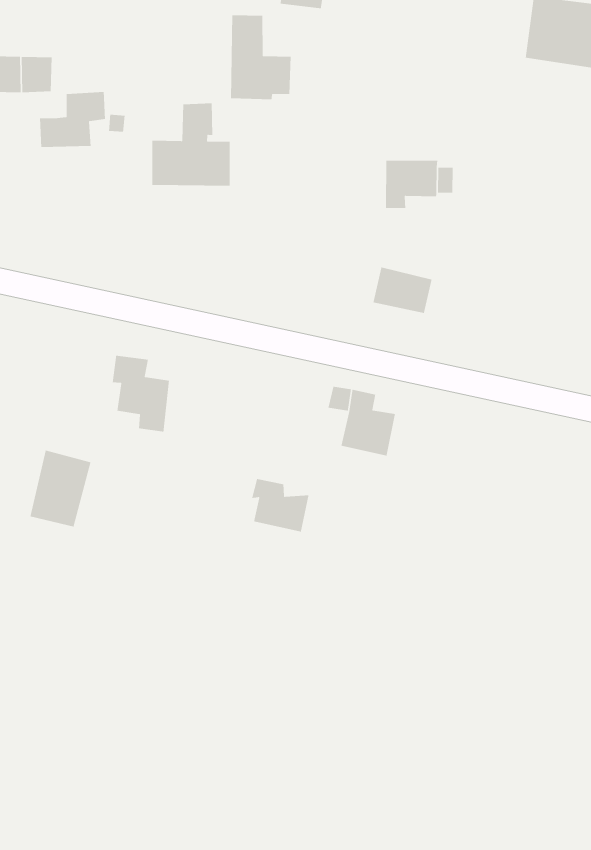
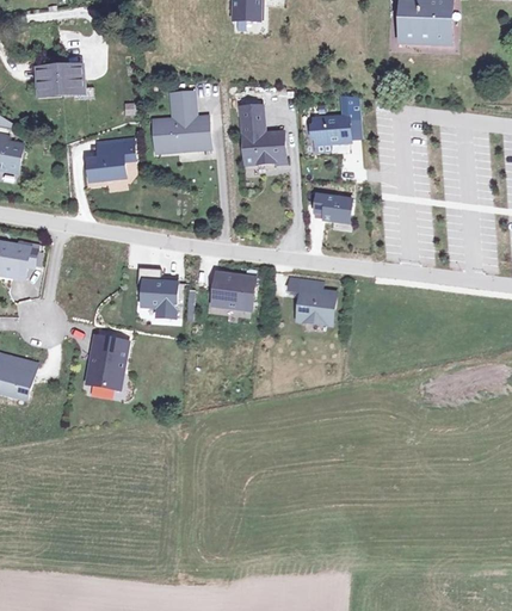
building: [230,15,292,100] -> [239,104,283,162]
building: [39,91,106,148] -> [87,138,132,180]
building: [251,478,310,533] -> [212,272,252,307]

